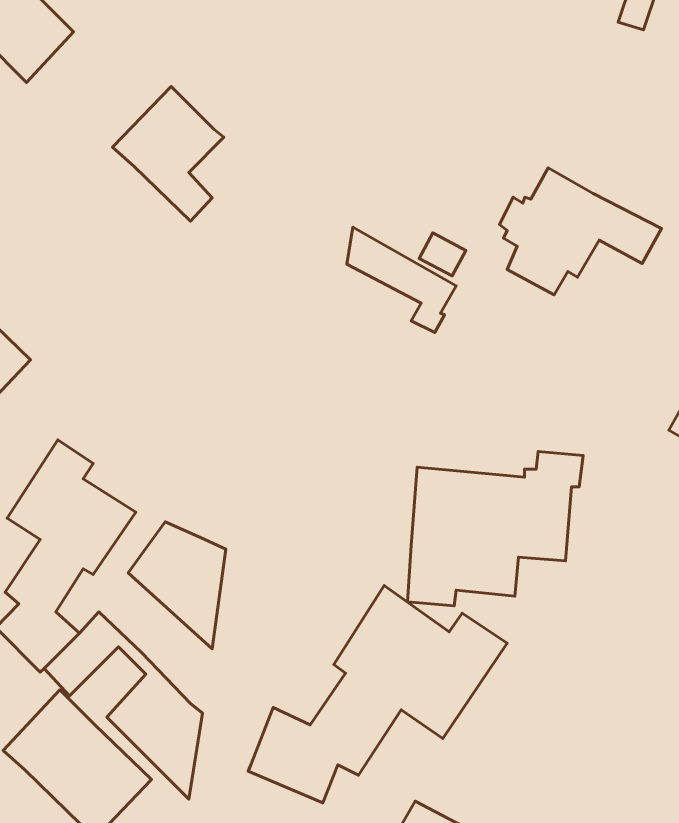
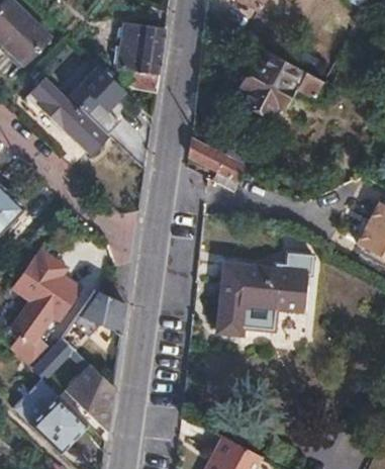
building: none -> [126,25,166,92]
building: none -> [30,77,108,154]
building: [500,168,662,295] -> [240,51,324,116]
building: [248,585,507,803] -> none

